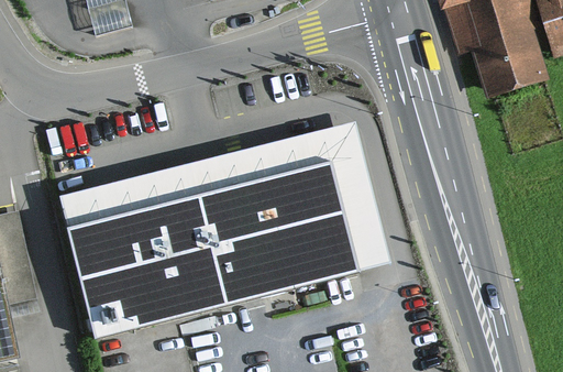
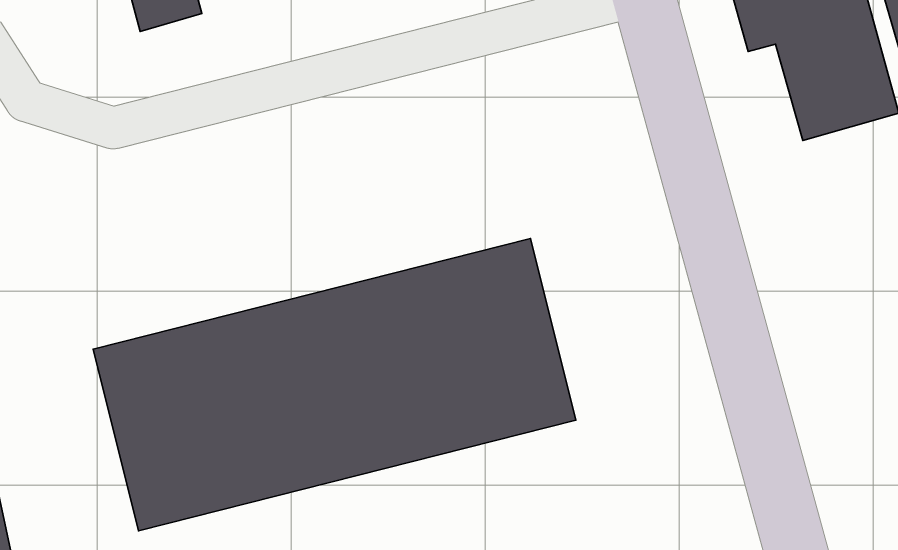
building: [57,121,389,271] -> none

